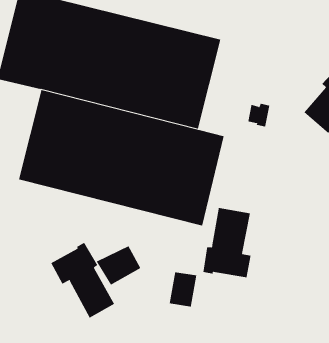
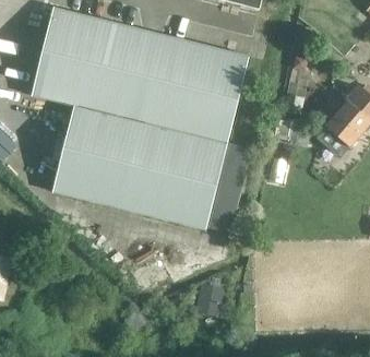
building: [203,207,251,278] -> none
building: [51,242,115,318] -> none

